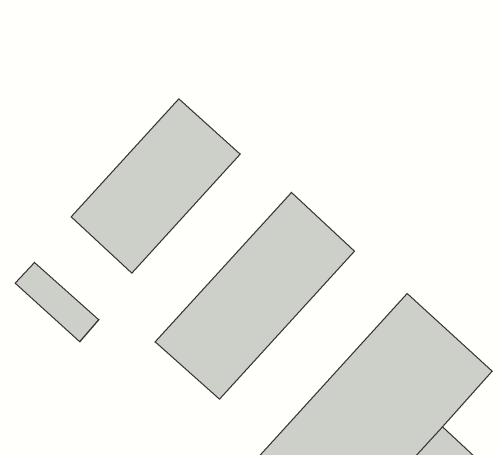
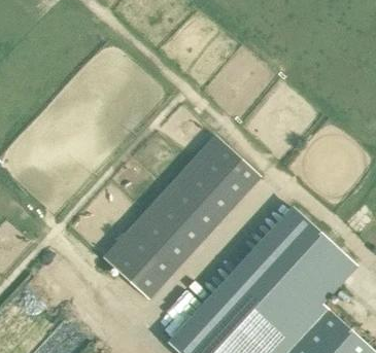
building: [71,99,240,273] -> none
building: [15,262,99,342] -> [104,242,163,297]

